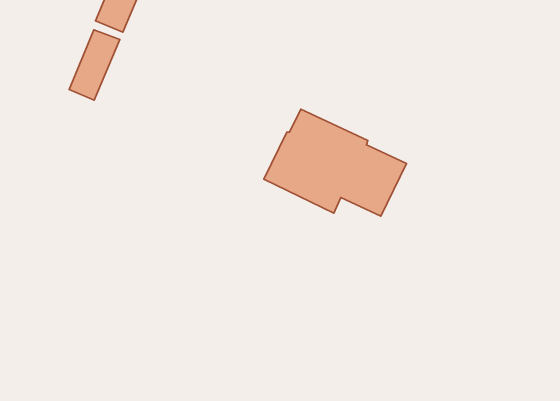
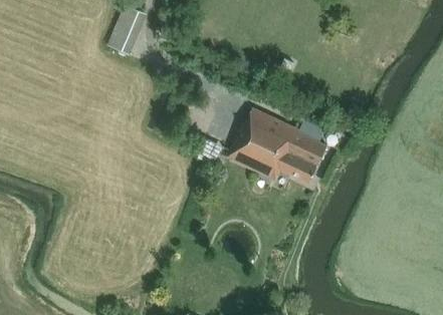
building: [69,30,120,100] -> none

